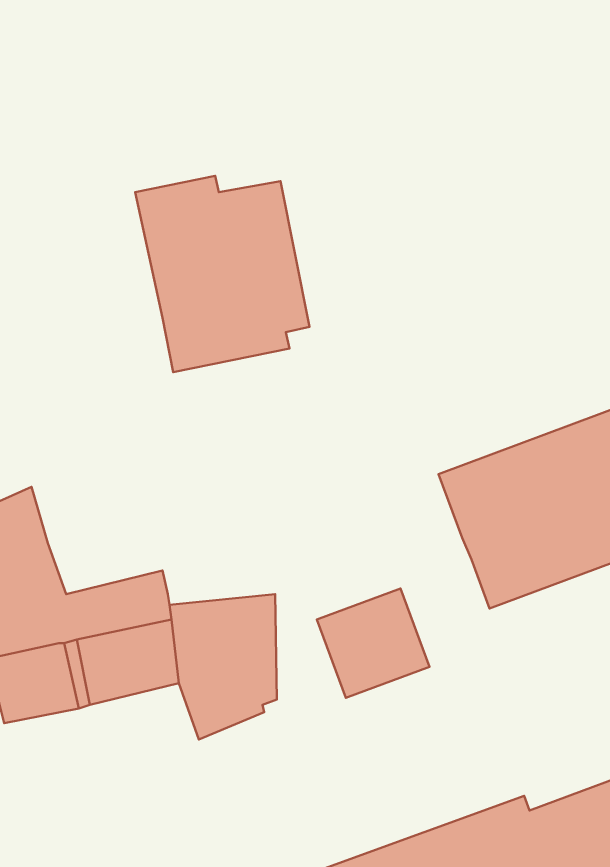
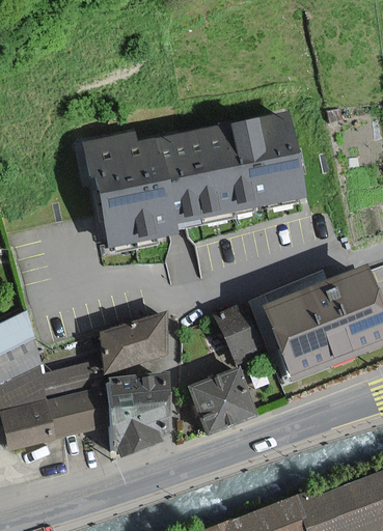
building: none -> [168,113,302,221]
building: none -> [215,305,262,364]
building: none -> [98,312,165,373]

